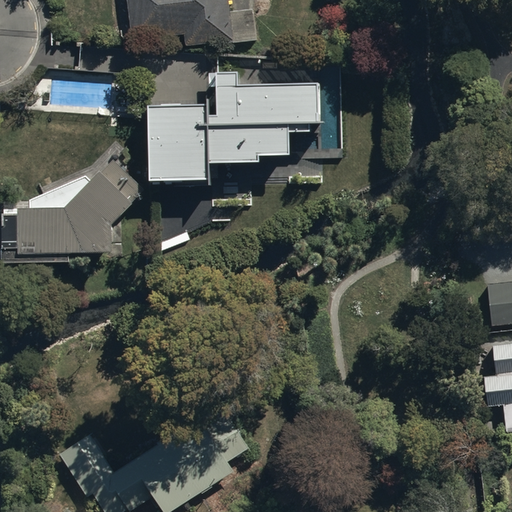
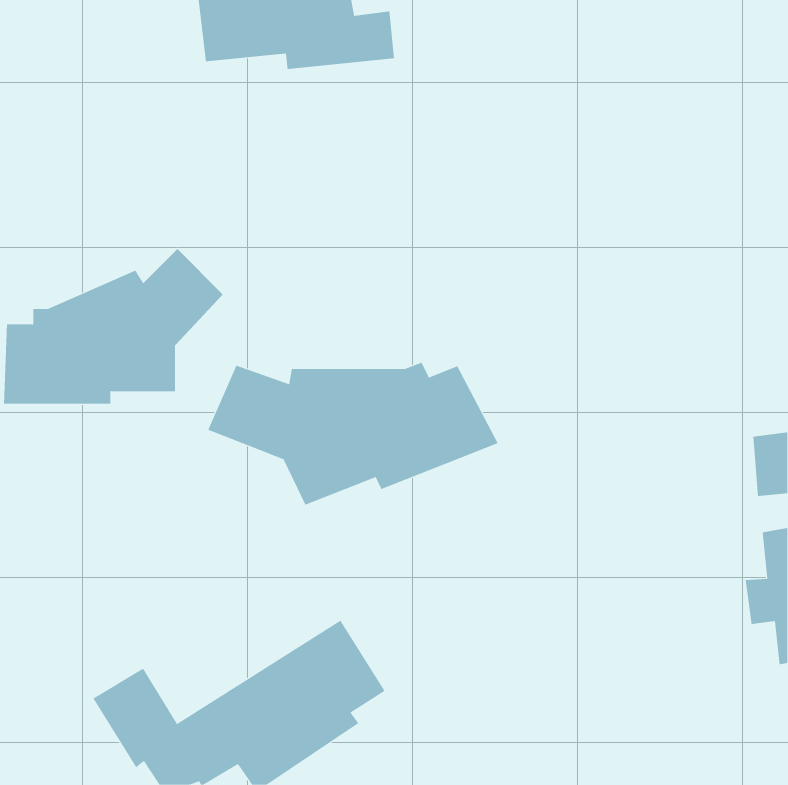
building: [150,74,319,181] -> none
building: none -> [207,362,499,506]

